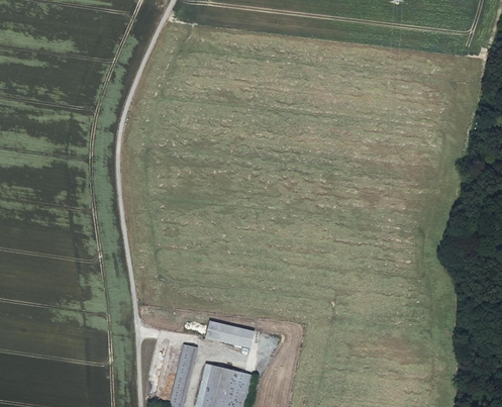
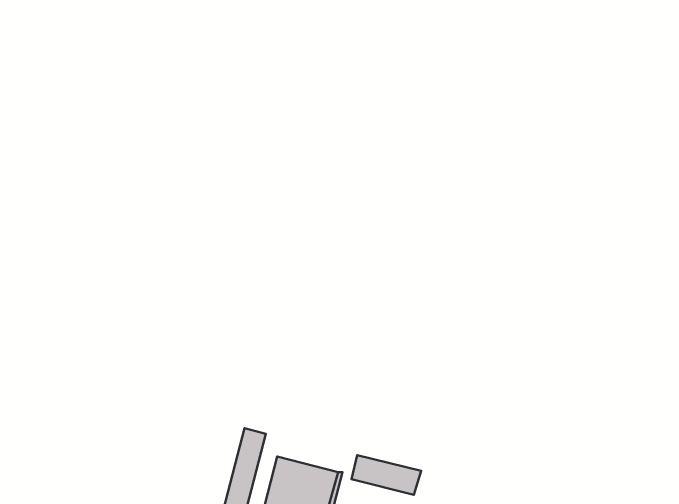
building: [204,320,254,348] -> [352,455,421,495]

